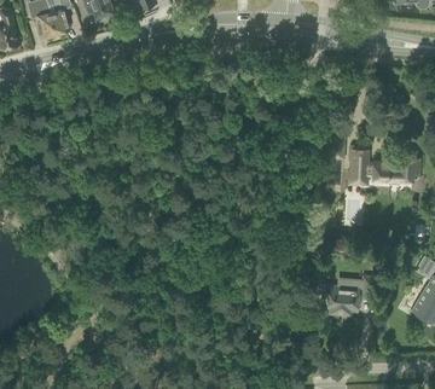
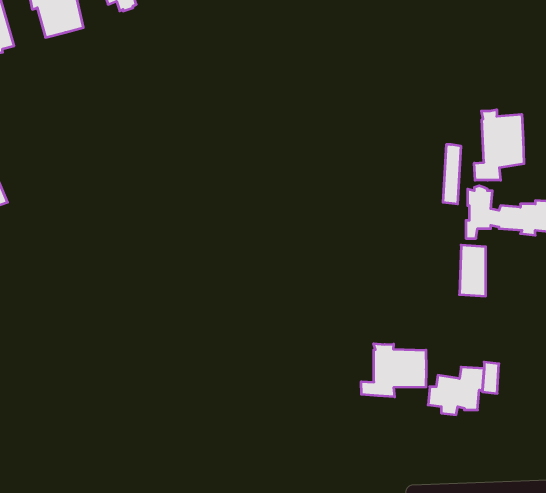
building: none -> [474,110,524,180]
building: none -> [361,344,426,397]

